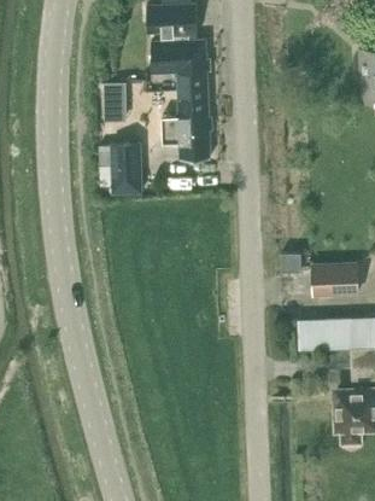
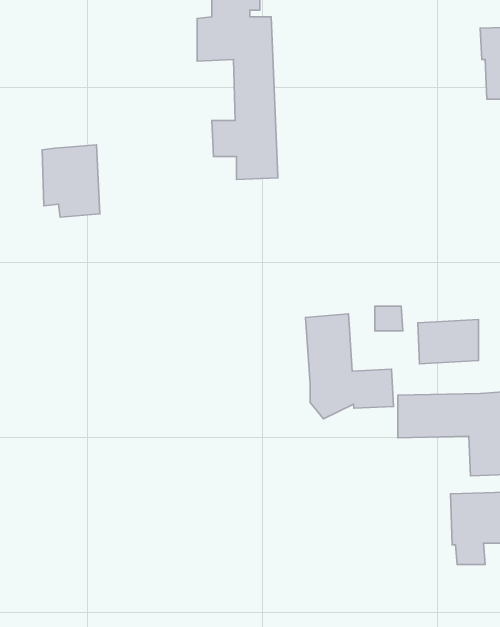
building: [104,85,127,122] -> none
building: [99,142,141,196] -> [42,145,100,217]
building: none -> [306,314,393,419]

